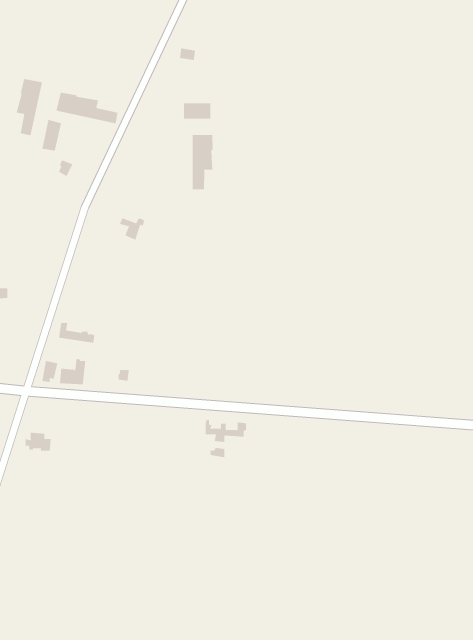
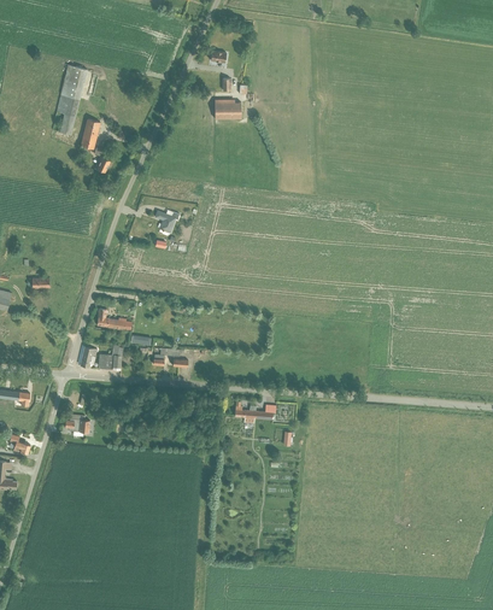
building: [56,92,118,124] -> none
building: [192,134,213,190] -> none

